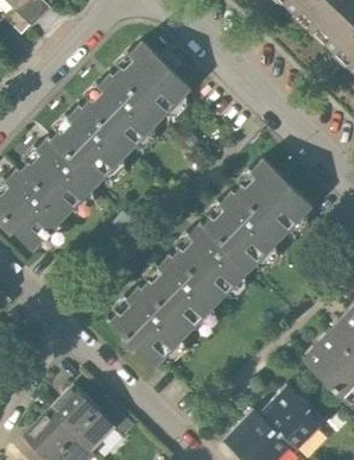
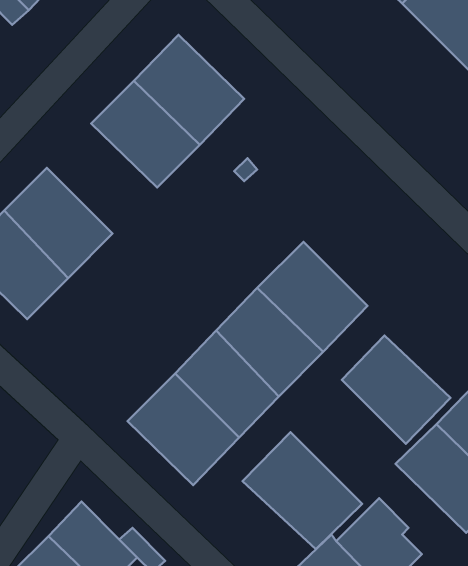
building: [48,111,127,190] -> none
building: [233,164,311,242] -> [342,335,450,444]
building: none -> [243,432,362,549]

